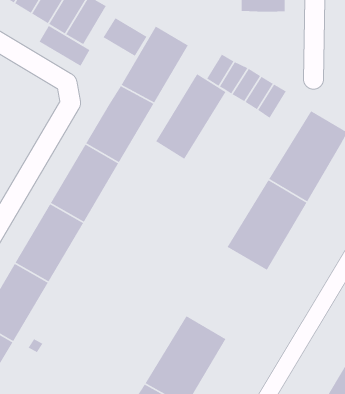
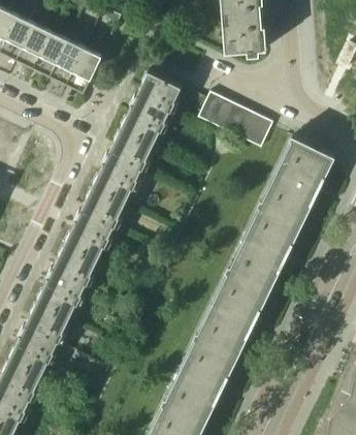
building: [103,17,148,57] -> none
building: [39,25,91,67] -> none
building: [155,73,226,160] -> none
building: none -> [198,271,269,355]

